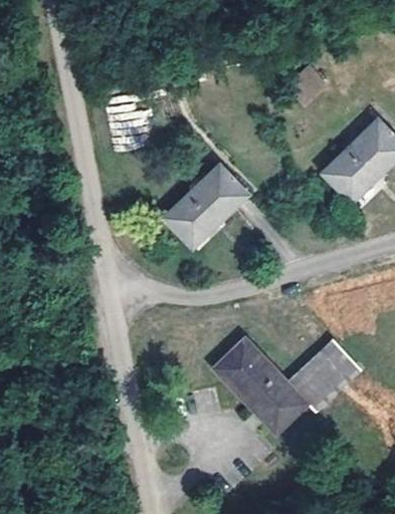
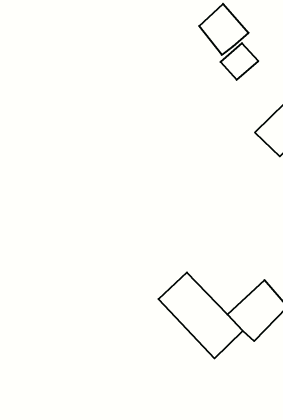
building: none -> [199,4,249,55]
building: [164,163,244,244] -> none

